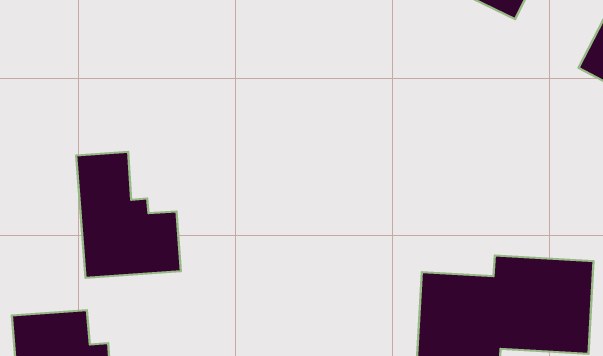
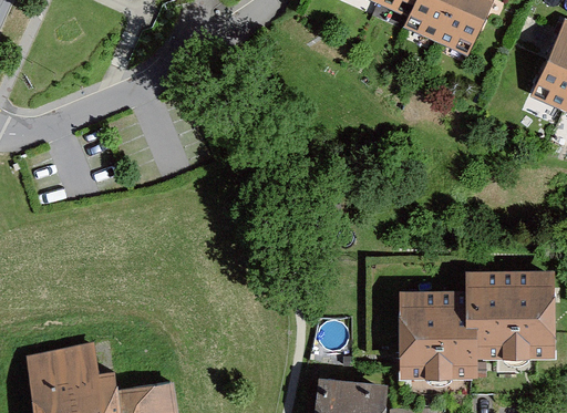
building: [76,152,181,278] -> none

